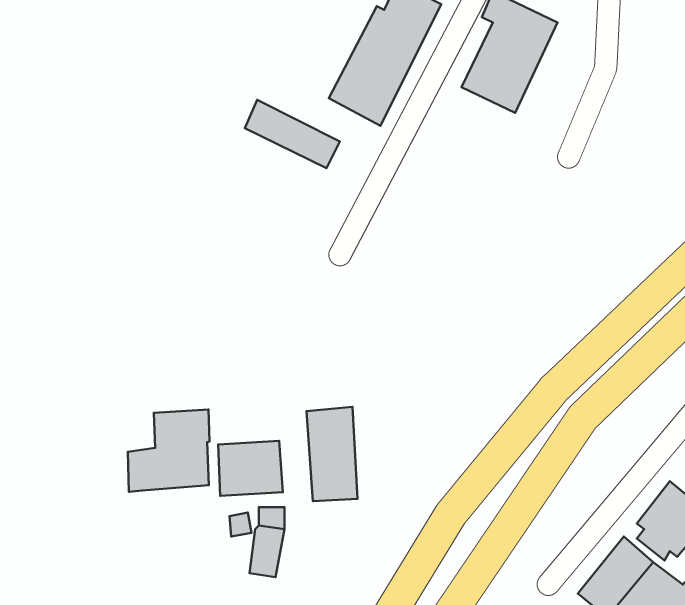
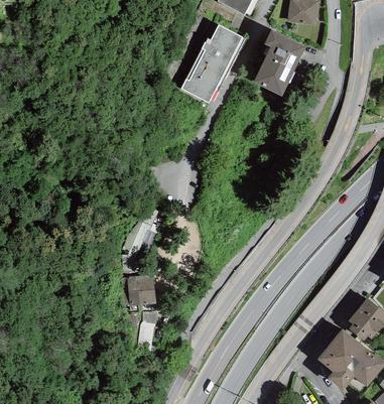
building: [245,100,340,168] -> none
building: [307,407,357,501] -> none
building: [128,409,210,492] -> none

